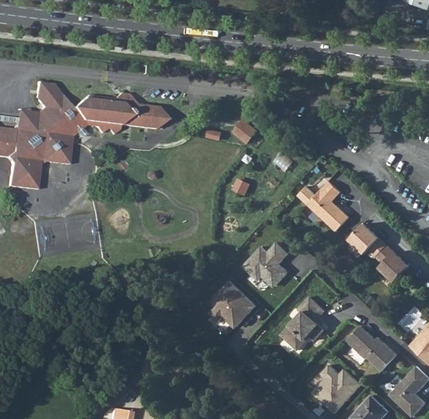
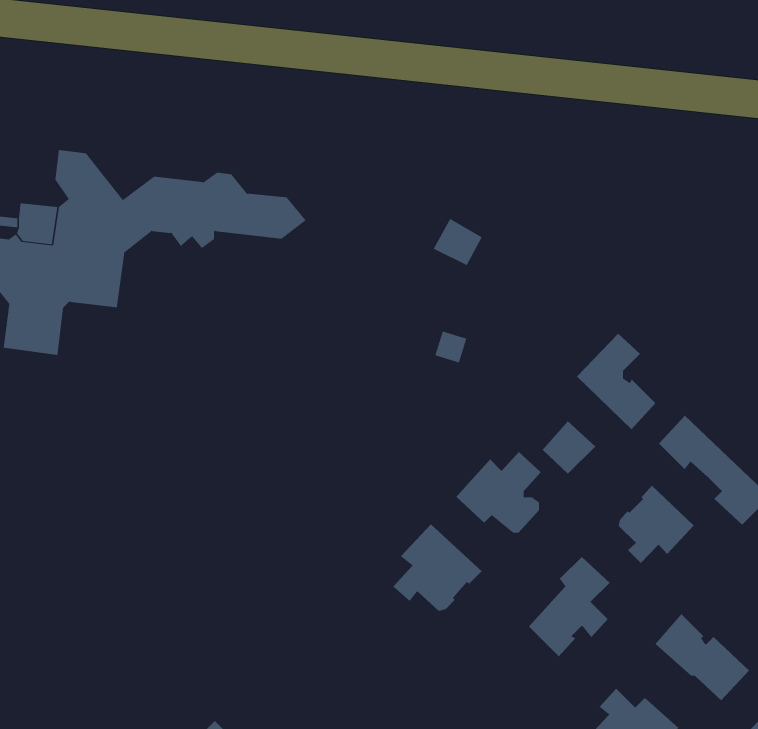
building: none -> [542,420,596,474]
building: none -> [618,485,694,564]

